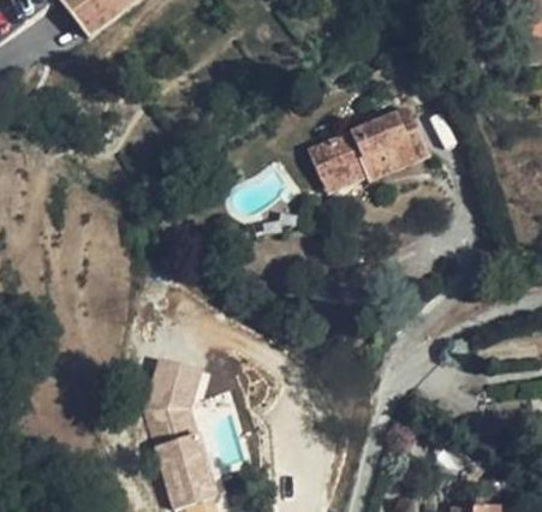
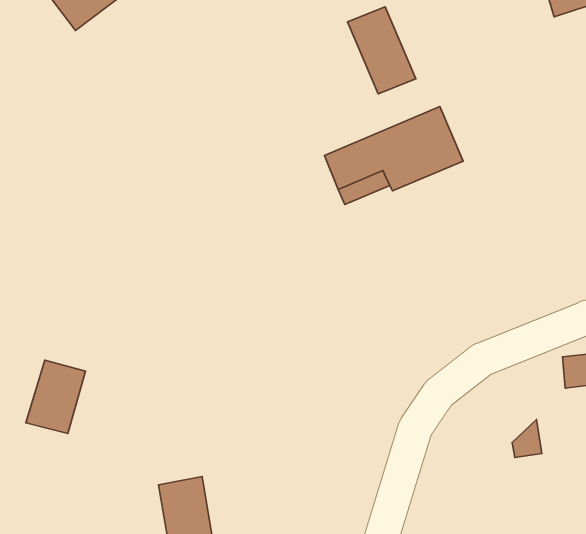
building: none -> [348,7,416,94]
building: [148,357,201,422] -> [26,360,86,434]

